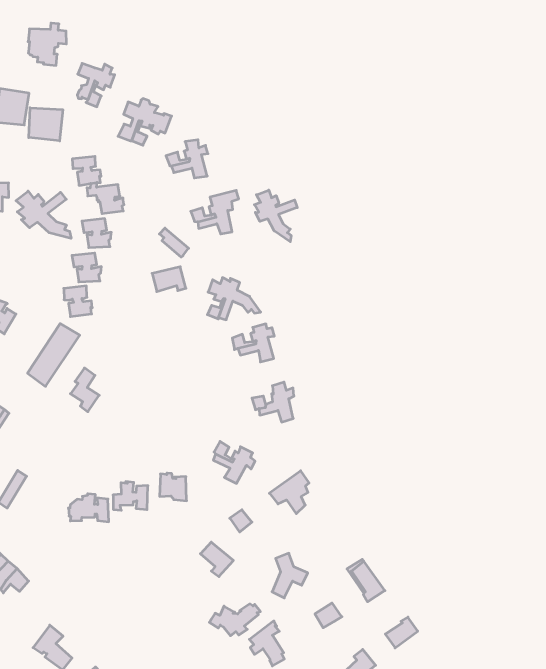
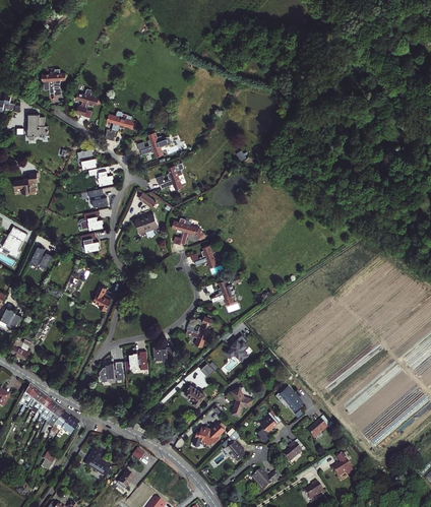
building: [29,108,63,141] -> none
building: [254,190,297,242] -> none
building: [16,191,71,238] -> none

